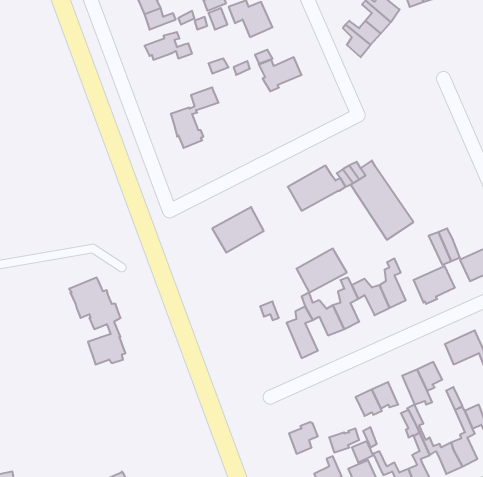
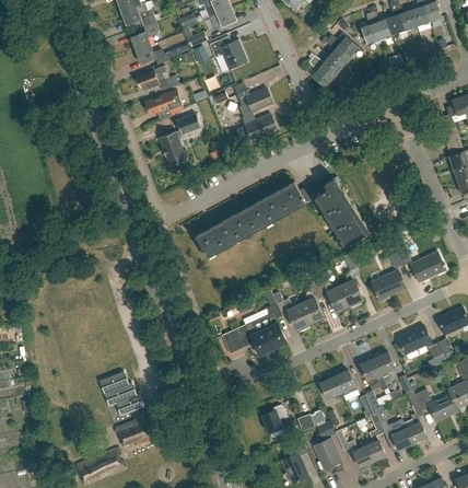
building: none -> [147,90,185,115]
building: none -> [242,114,278,141]
building: [296,249,347,293] -> [230,200,273,239]
building: [69,278,126,364] -> [100,371,149,446]
building: none -> [229,318,273,355]

